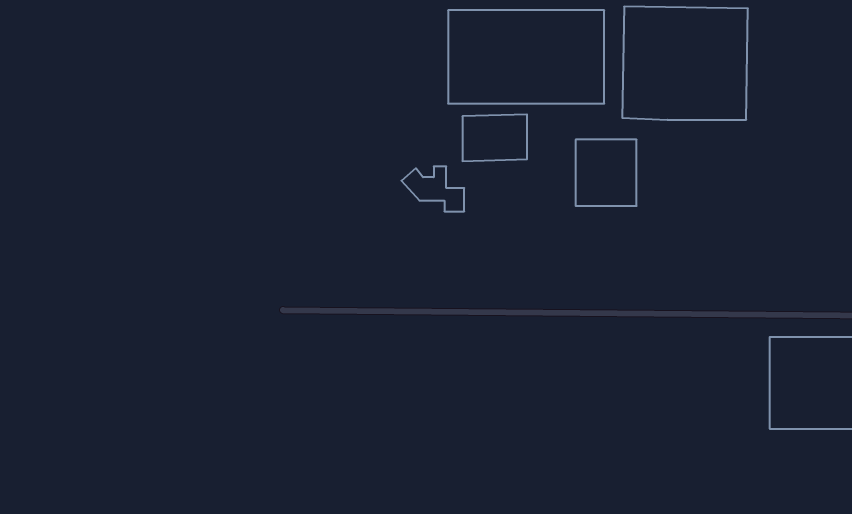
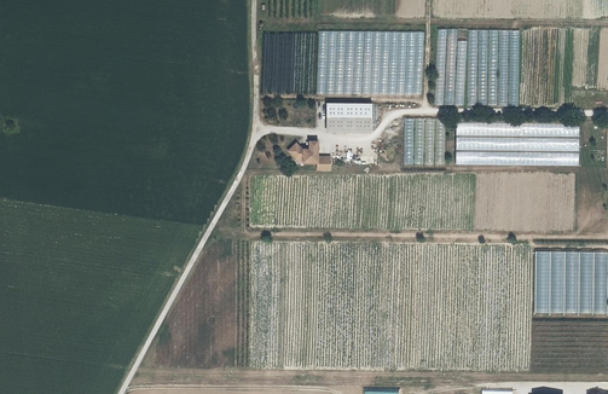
building: none -> [456,122,579,164]

